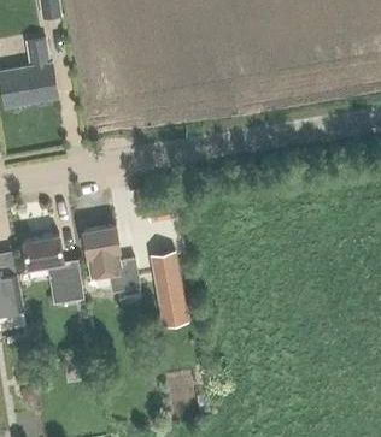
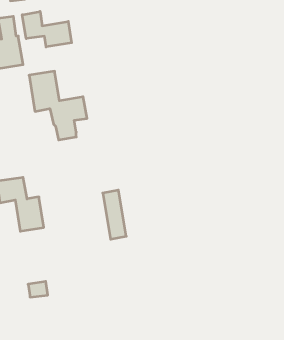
building: none -> [22,11,72,47]
building: [83,226,154,311] -> [29,71,87,140]

